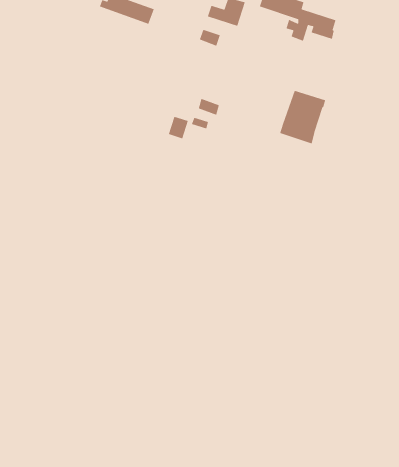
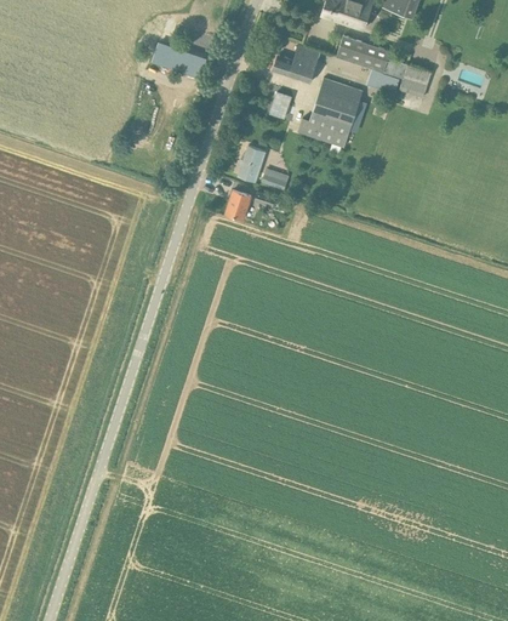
building: none -> [238,146,266,181]
building: [279,90,326,145] -> [306,78,363,144]

